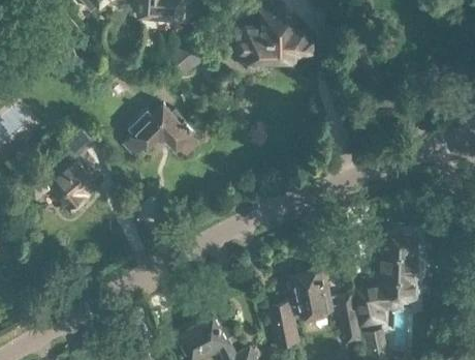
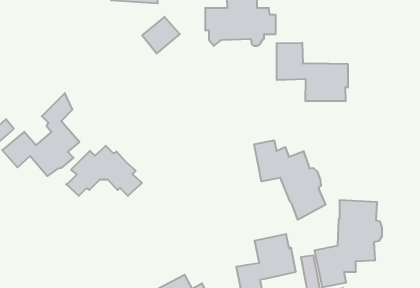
building: none -> [277,43,348,101]
building: [121,104,201,158] -> [66,146,142,196]
building: none -> [254,140,325,220]

